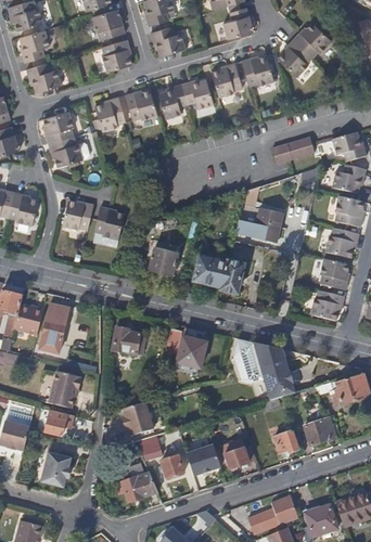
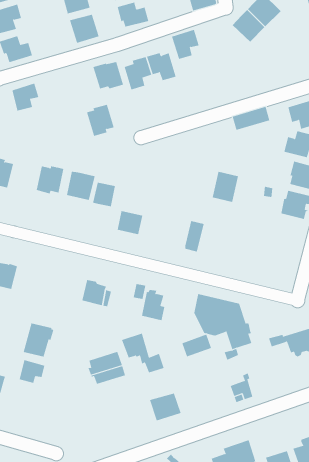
building: [240,47,271,76] -> none
building: [97,96,127,131] -> [86,104,115,136]
building: [43,139,77,168] -> none
building: none -> [93,182,115,207]
building: [196,258,229,287] -> none
building: [320,259,350,289] -> none
building: [311,291,345,321] -> none
building: [41,304,66,353] -> none
building: [304,417,337,444] -> none
building: [137,434,183,477] -> [121,333,165,373]
building: [223,444,256,469] -> [182,334,212,357]
building: [42,452,72,487] -> none
building: [121,474,158,503] -> none

